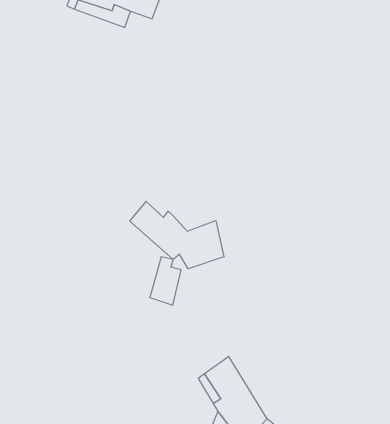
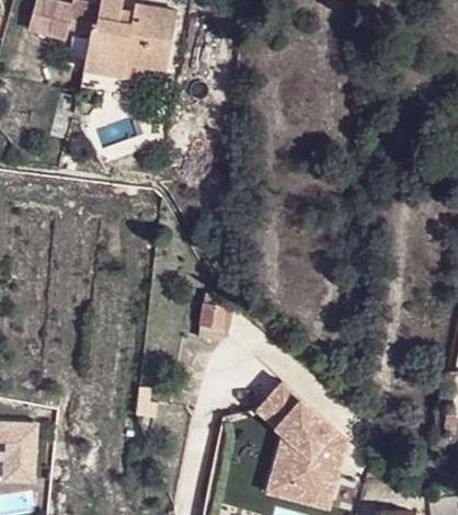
building: [130,201,224,269] -> none

